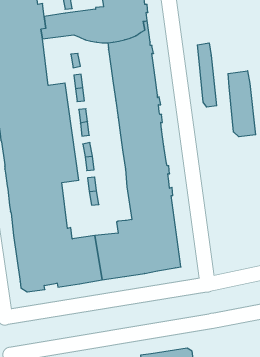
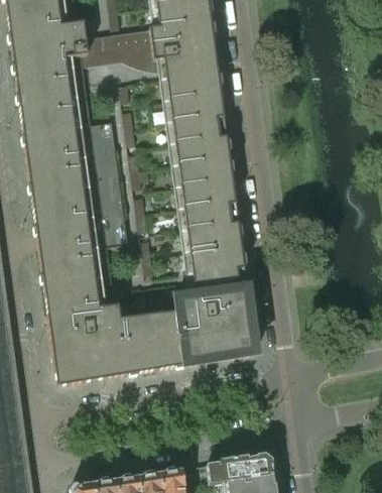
building: [197,43,217,107] -> none
building: [228,71,256,137] -> none

